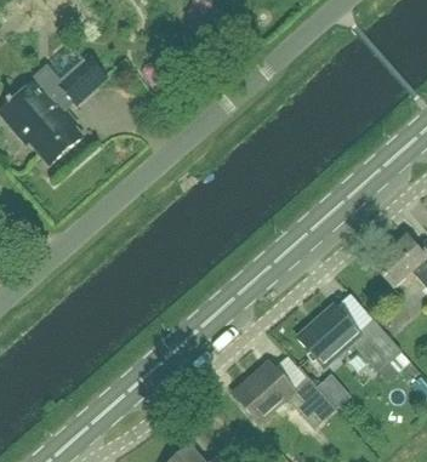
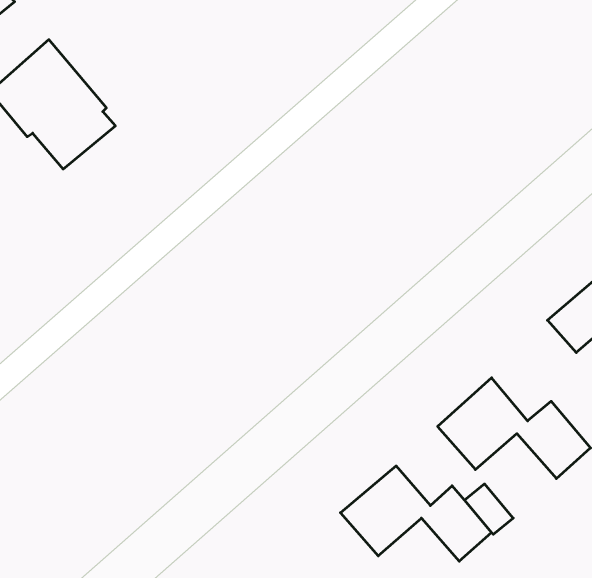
building: [57,55,107,103] -> none

